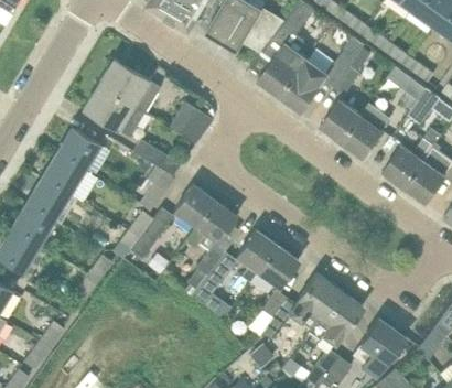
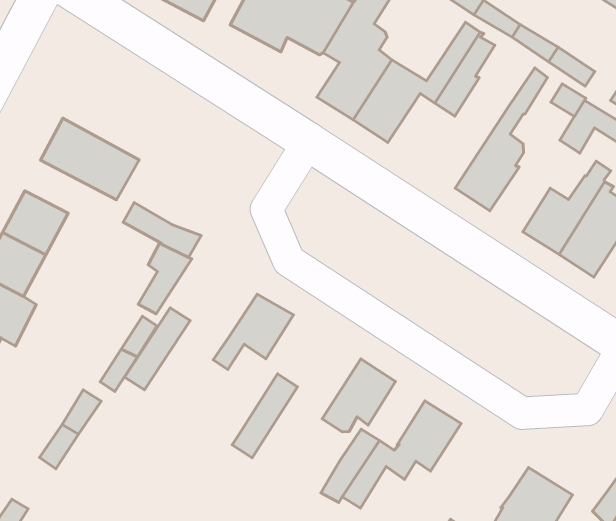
building: [99,61,161,114] -> none
building: [322,91,379,142] -> none
building: [170,104,214,144] -> none
building: [175,185,215,227] -> none
building: [237,230,278,283] -> none
building: [309,290,363,344] -> none

